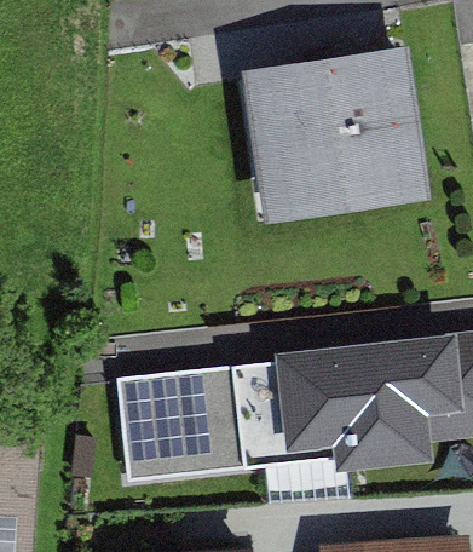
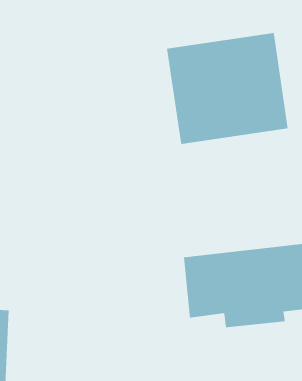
building: [116,360,334,479] -> none

